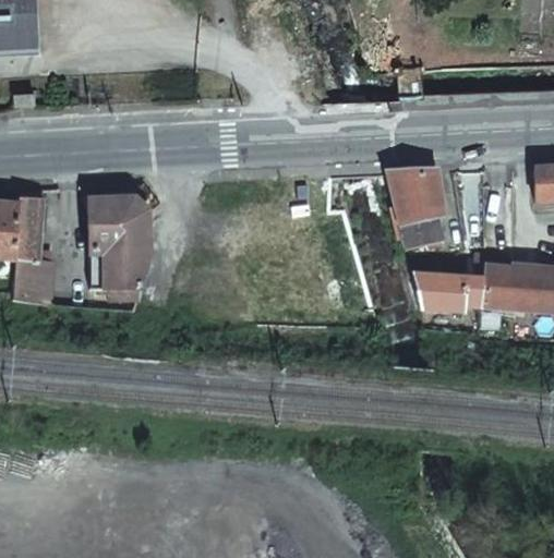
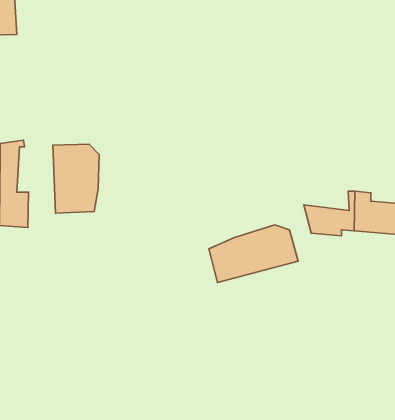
building: [385,174,445,251] -> none
building: none -> [209,225,298,283]

